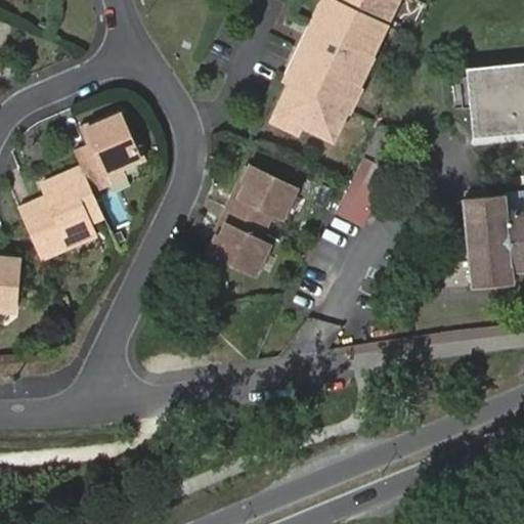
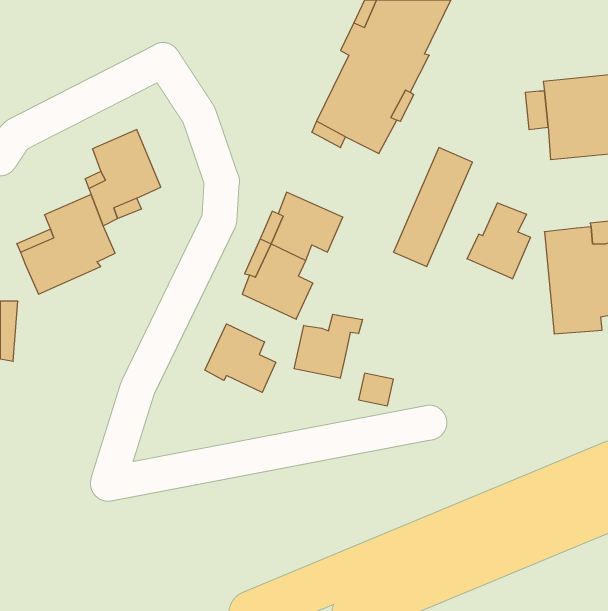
building: none -> [467,203,531,279]
building: none -> [294,314,362,378]
building: none -> [205,324,276,392]

